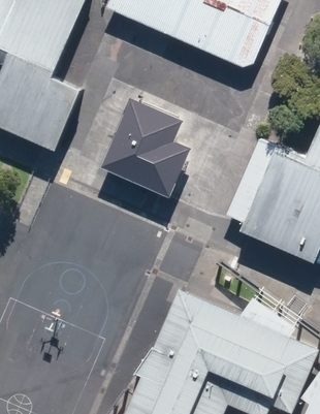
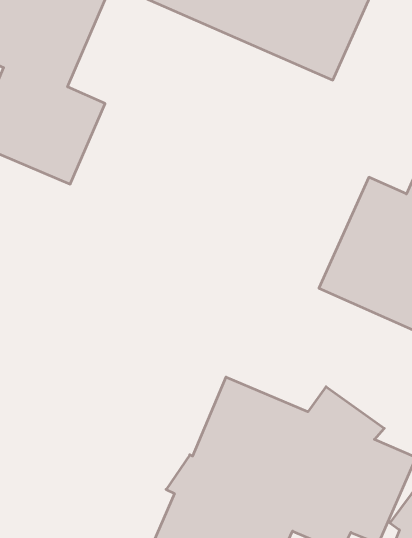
building: [102,100,191,197] -> none

